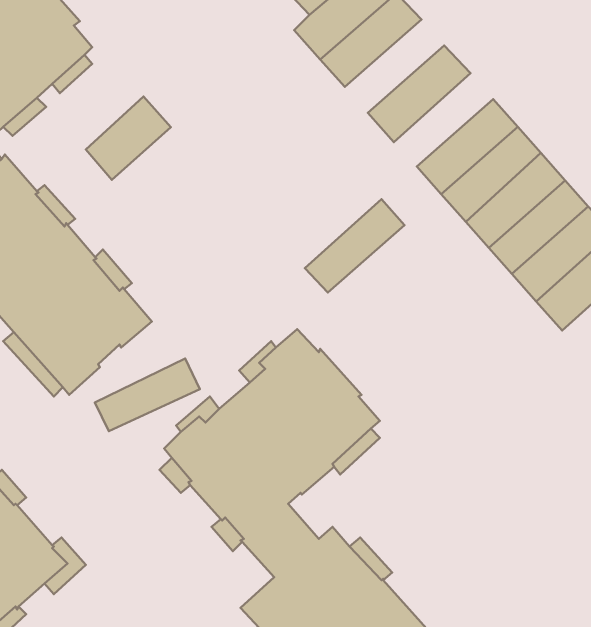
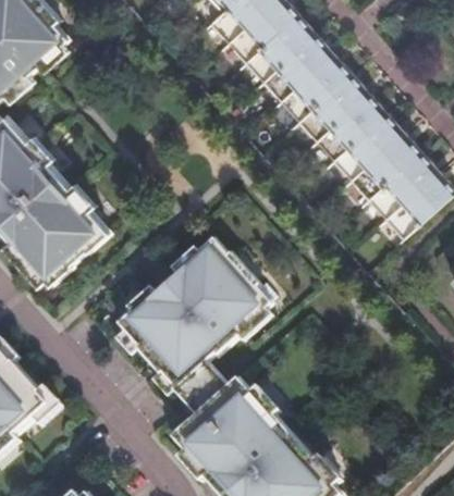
building: none -> [246,15,317,82]
building: [86,97,171,180] -> none
building: [305,199,405,293] -> [281,53,352,120]
building: [95,359,200,431] -> none

